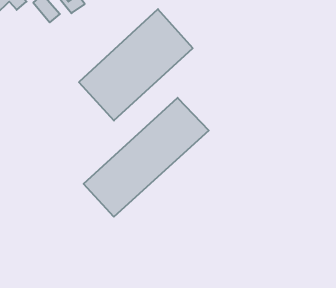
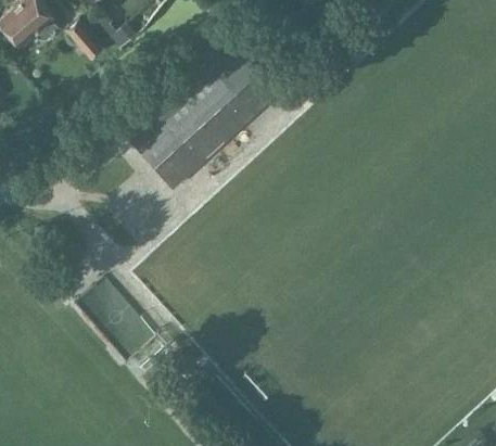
building: [84,98,209,217] -> none

